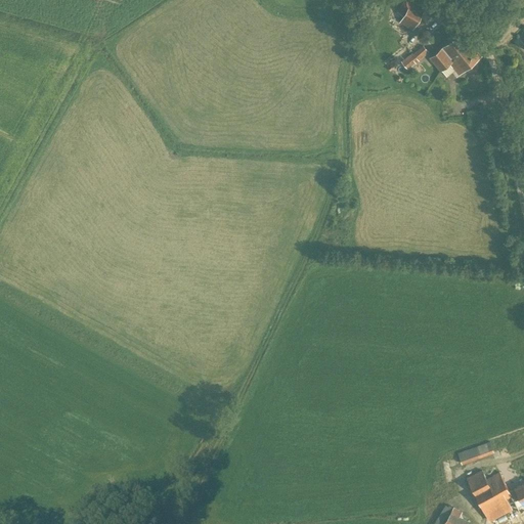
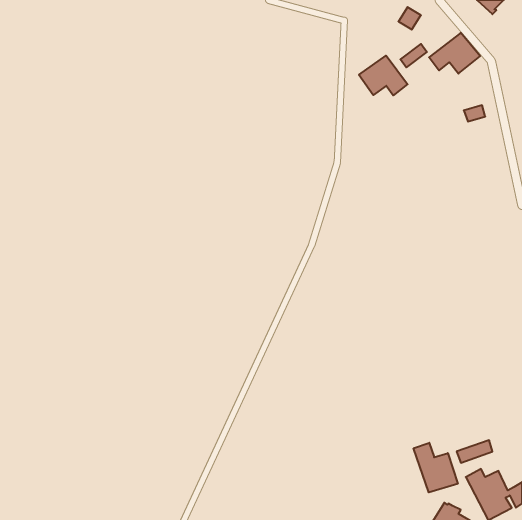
building: none -> [359,56,408,95]
building: none -> [414,443,458,492]

